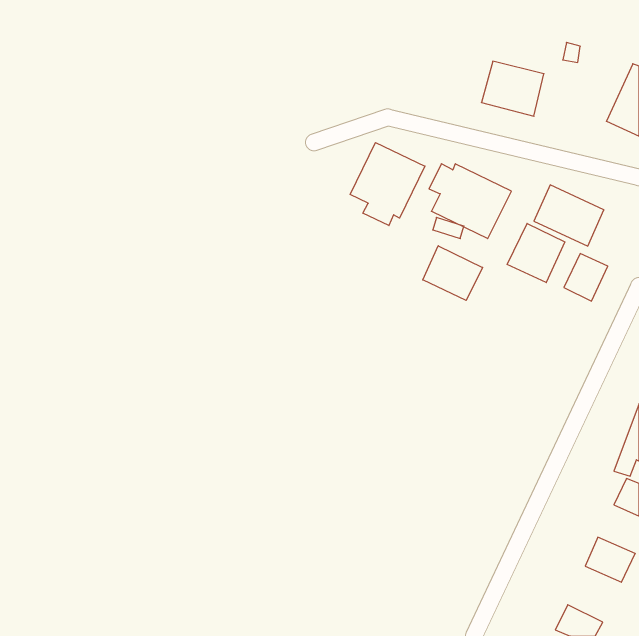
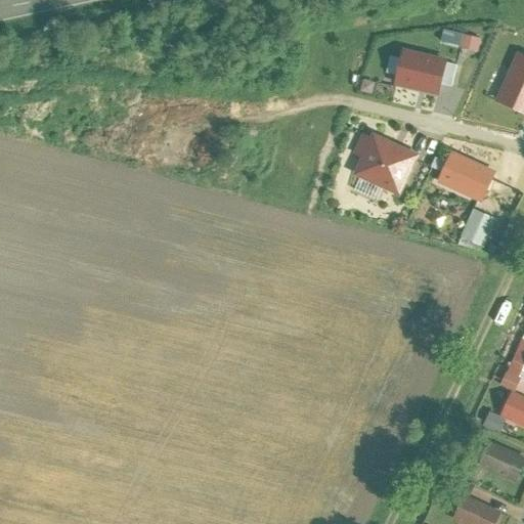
building: [350,143,425,226] -> none
building: [507,223,565,283] -> none
building: [423,246,483,300] -> none

